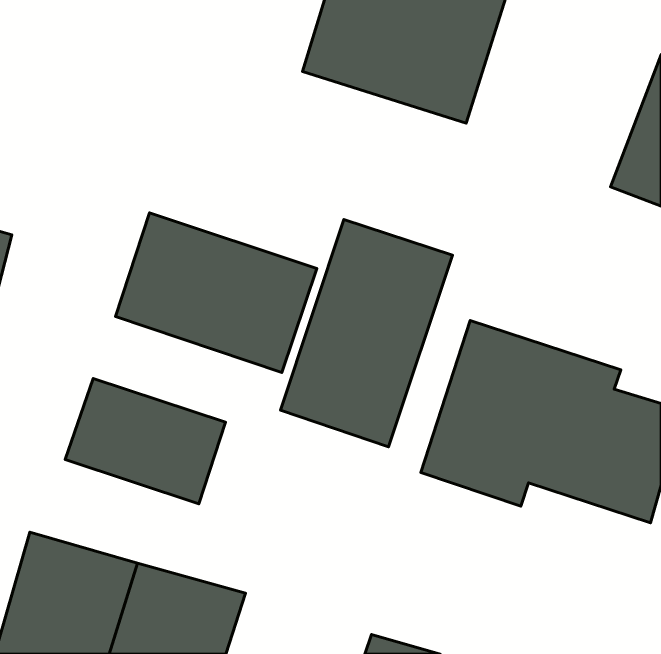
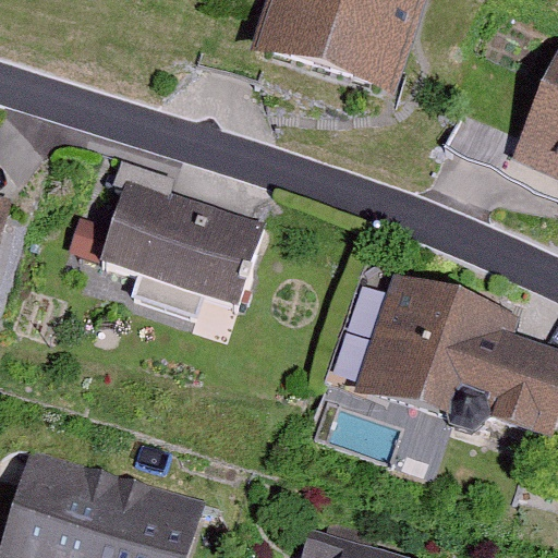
building: [281,220,452,447] -> none
building: [65,378,226,504] -> none

